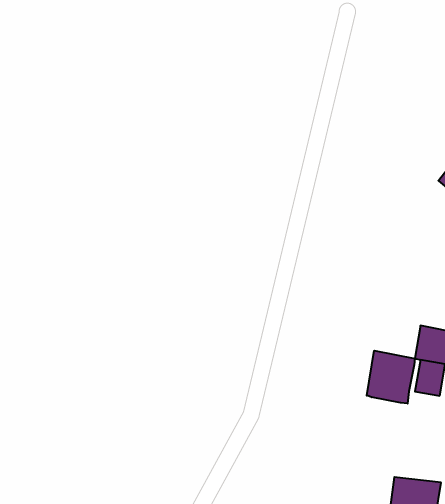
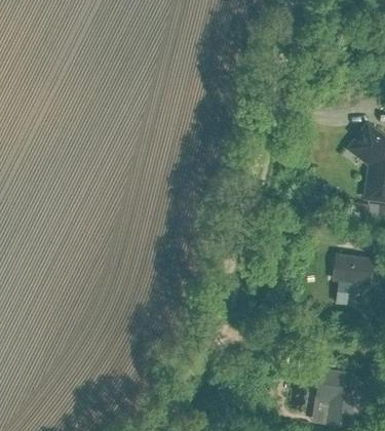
building: [367,351,415,404] -> none

